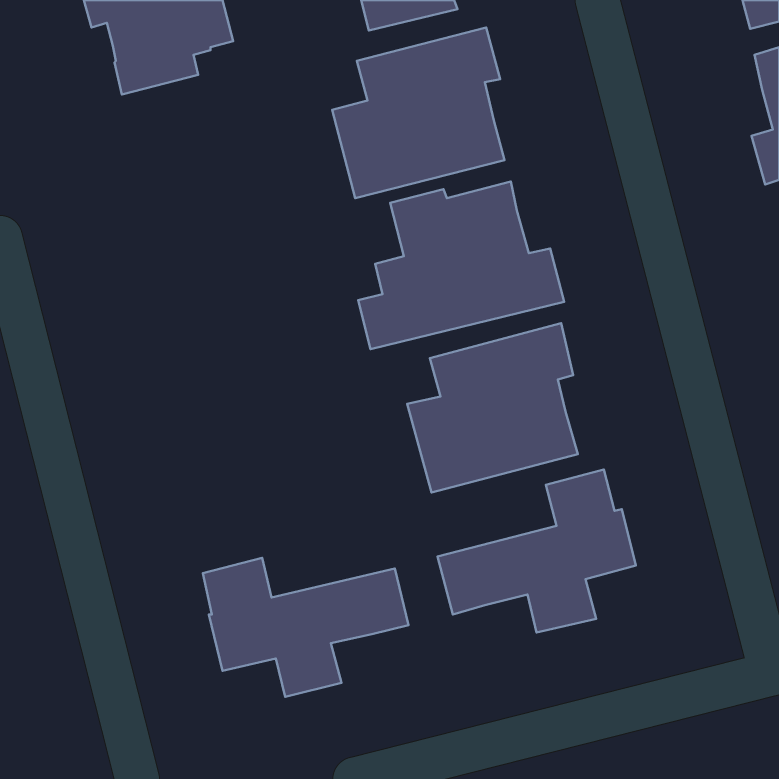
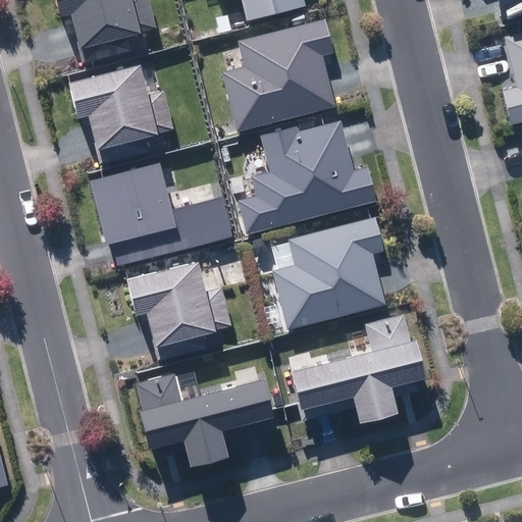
building: none -> [68,64,173,164]
building: none -> [90,164,232,265]
building: none -> [127,261,232,361]

